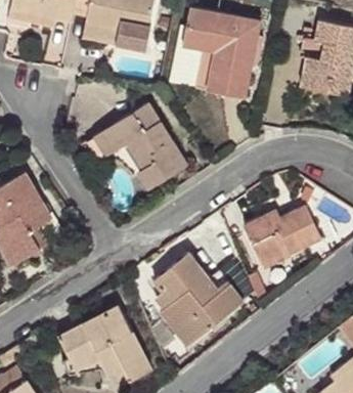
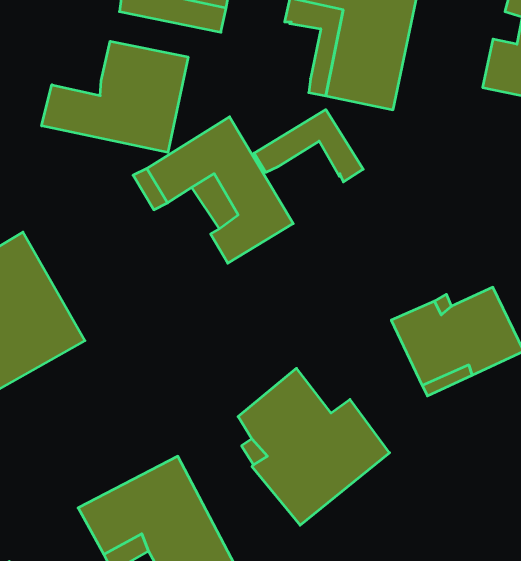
building: none -> [42,41,188,152]
building: none -> [254,110,363,182]

